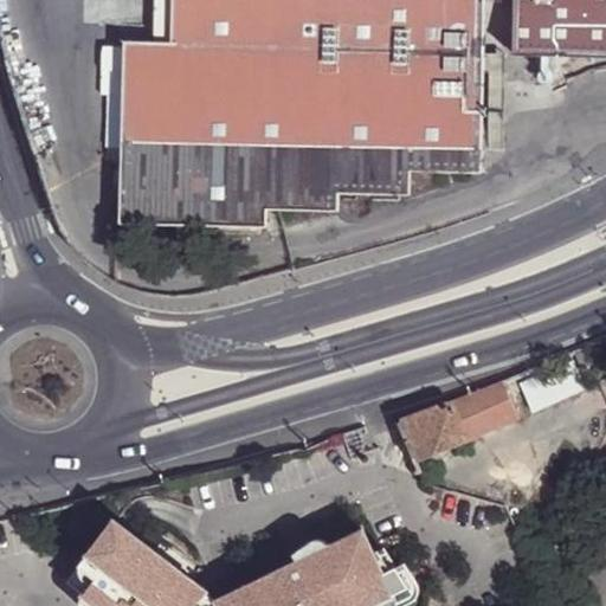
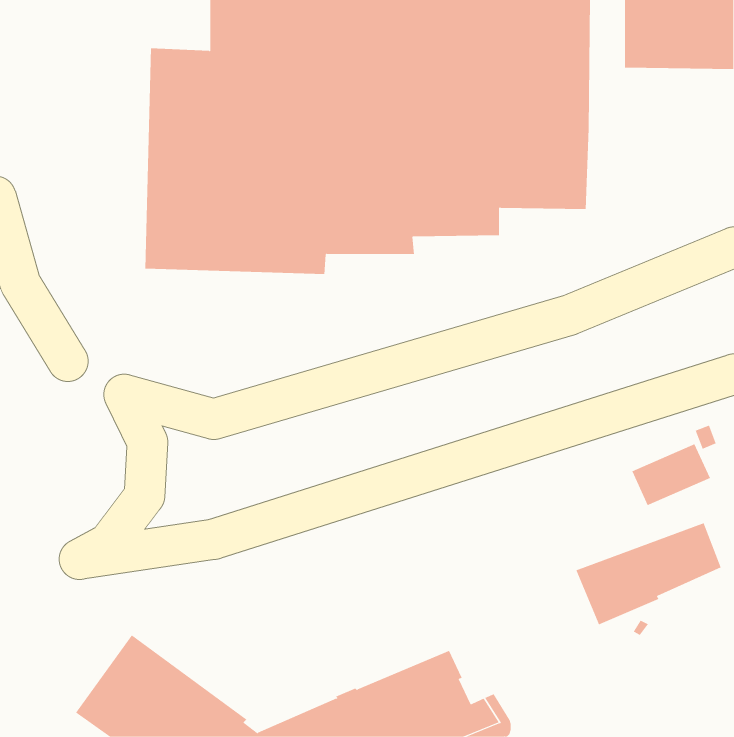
building: [399,380,518,464] -> [576,523,721,625]

